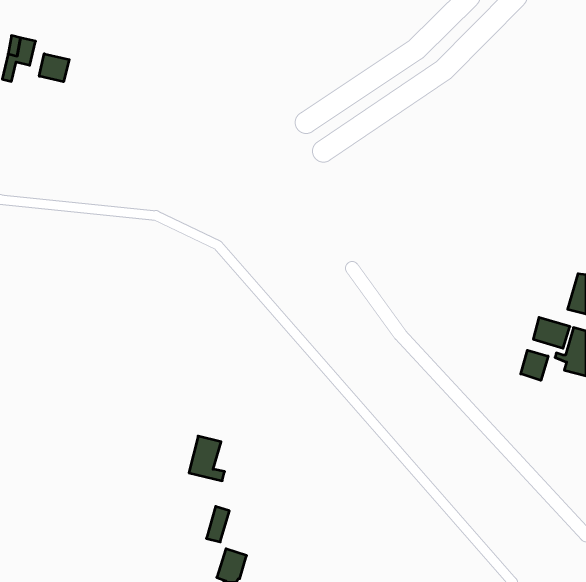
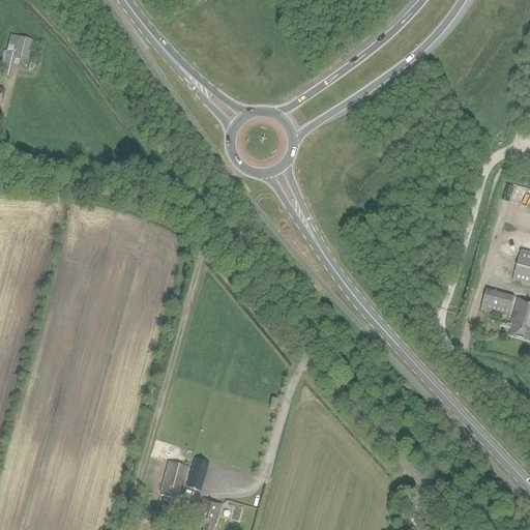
building: [39,54,69,82] -> none
building: [521,350,548,380] -> none
building: [189,436,225,481] -> [160,460,193,500]

